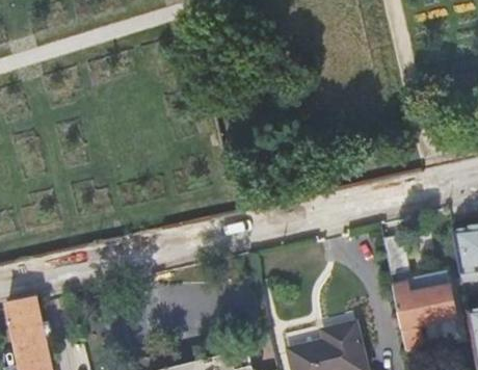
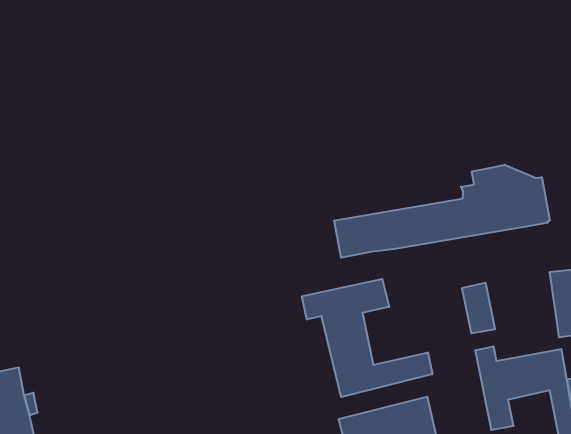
building: none -> [334,165,550,258]
building: none -> [302,279,432,397]

